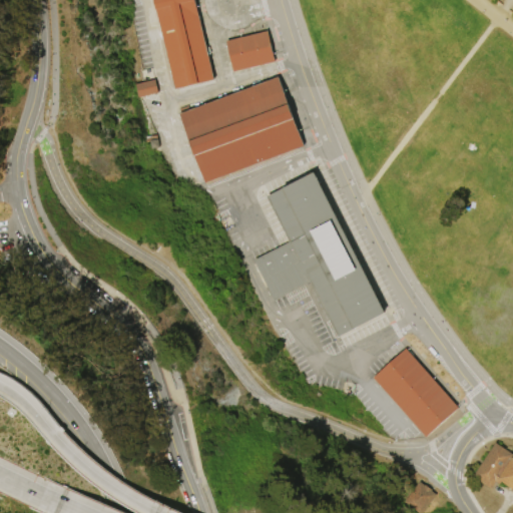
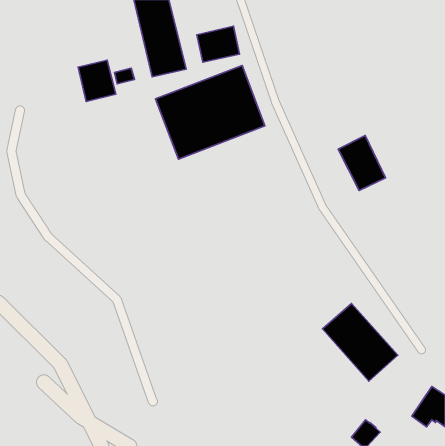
building: none -> [78,60,116,102]
building: none -> [338,136,385,191]
building: [252,172,385,337] -> none

